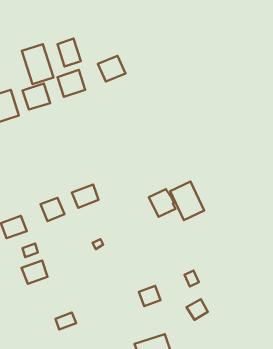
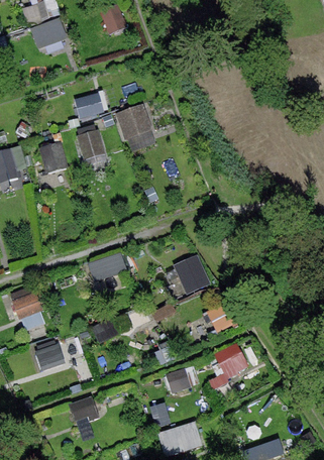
building: [22,44,54,84] -> none
building: [170,181,204,220] -> none

